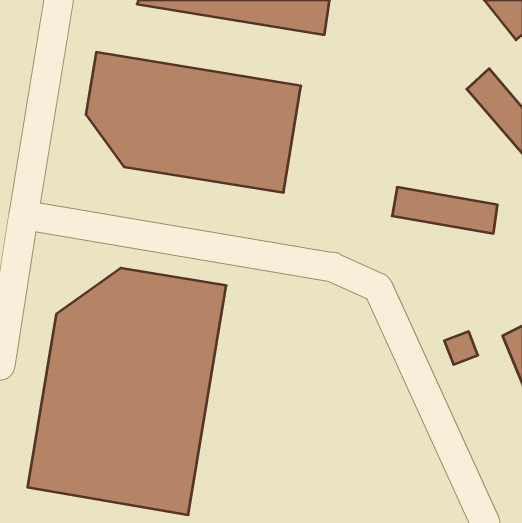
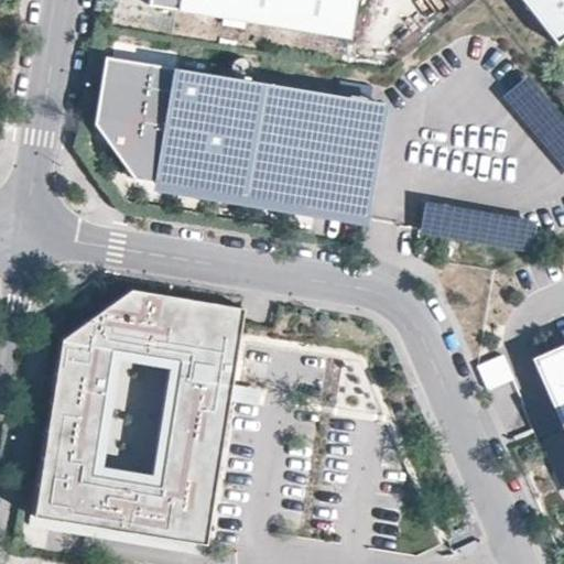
building: none -> [306,93,380,216]

